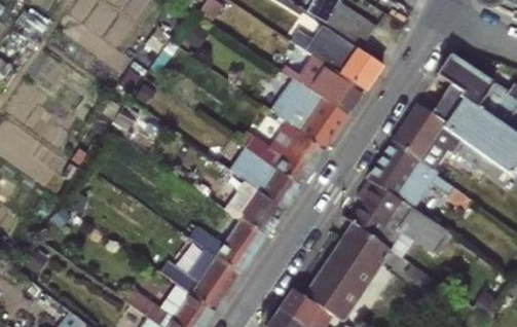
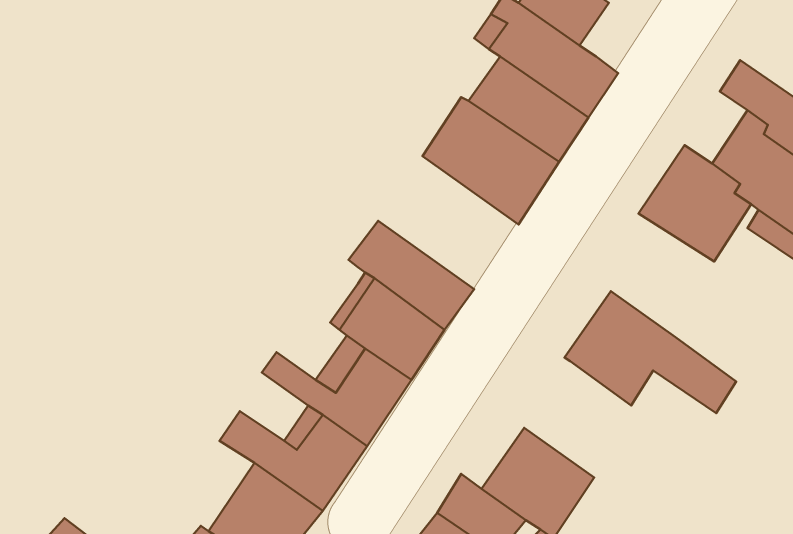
building: [246,115,325,182] -> none
building: [367,140,455,209] -> none
building: [328,222,393,287] -> none

